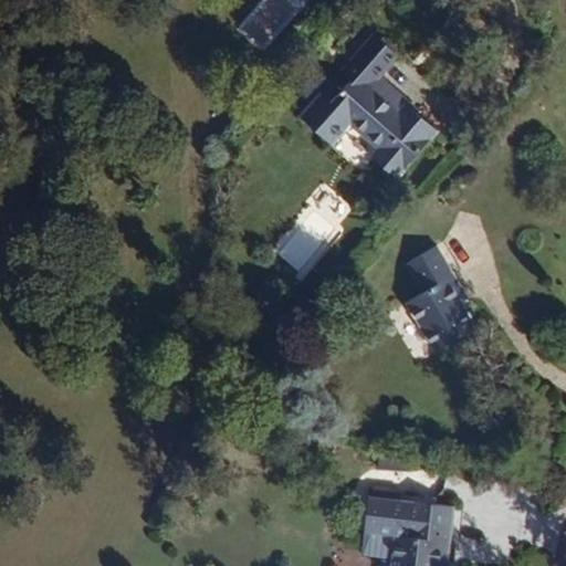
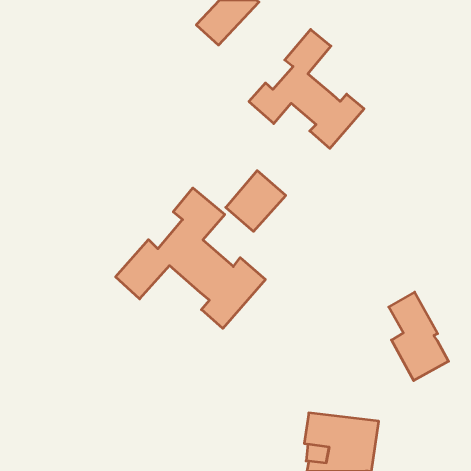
building: none -> [116,188,265,328]
building: [406,244,478,350] -> [389,292,449,381]

